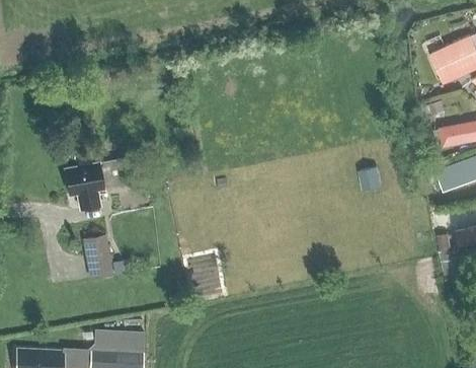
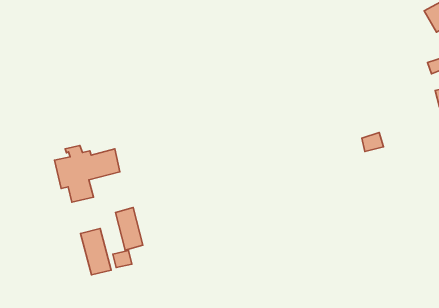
building: none -> [115,208,143,250]

